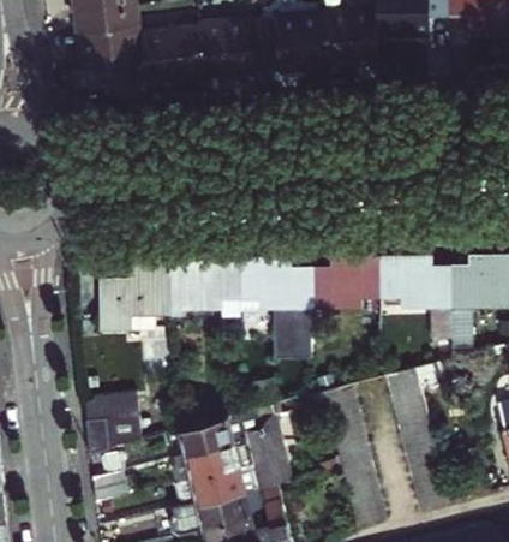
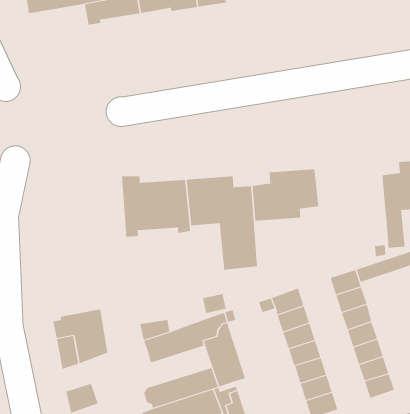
building: [379,257,451,339] -> none
building: [98,260,169,330] -> none
building: [172,440,252,481] -> none

